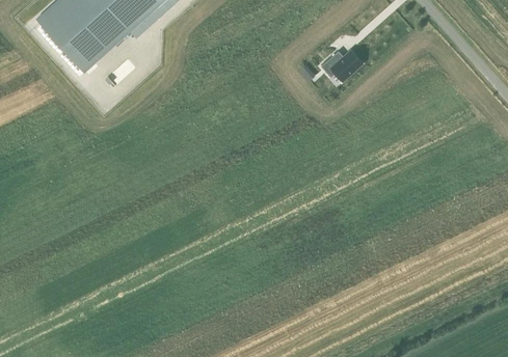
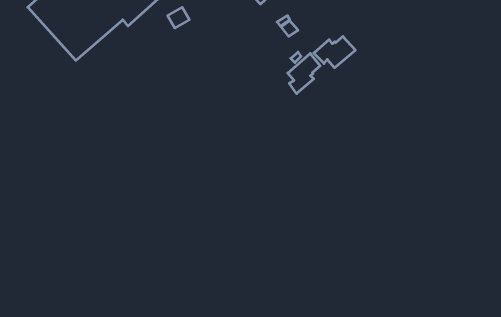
building: none -> [288,53,320,94]

